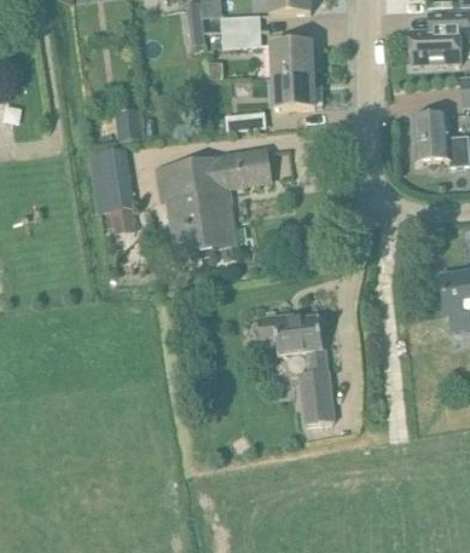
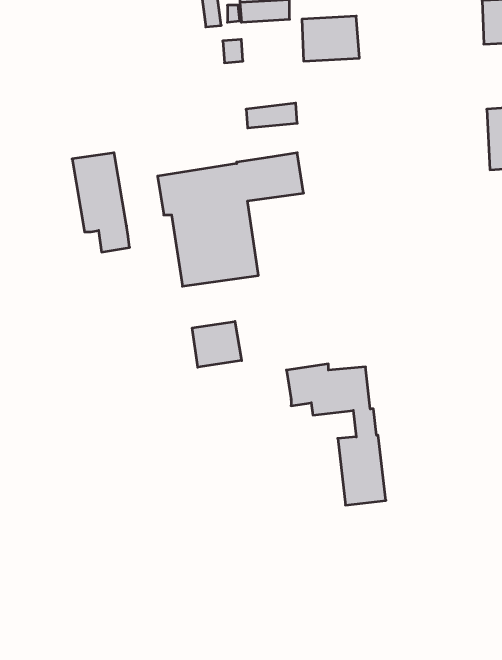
building: [271,75,324,109] -> none
building: [116,108,143,140] -> none
building: none -> [192,321,242,367]

